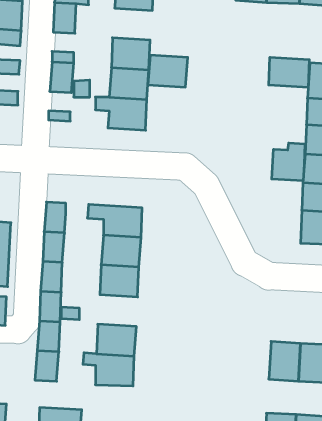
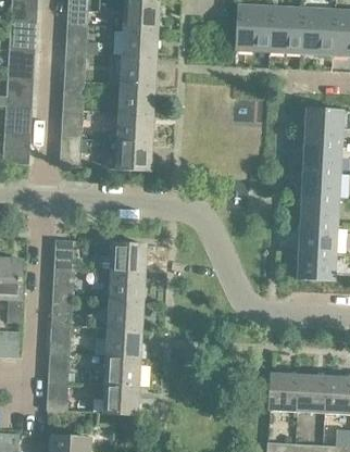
building: [148,55,188,87] -> [120,55,158,86]
building: [269,57,309,87] -> none
building: [272,143,305,181] -> none
building: none -> [105,328,143,359]

